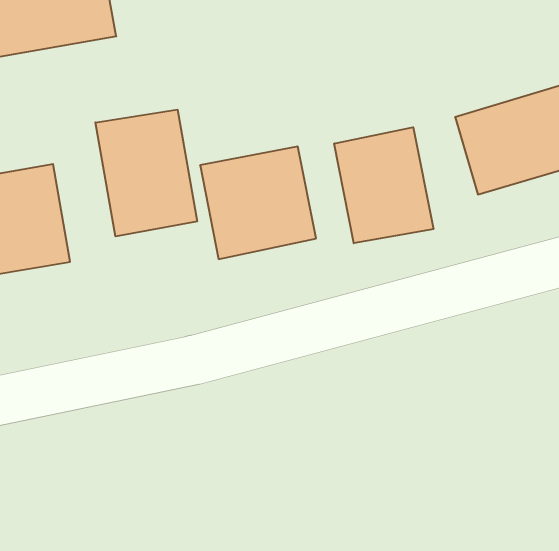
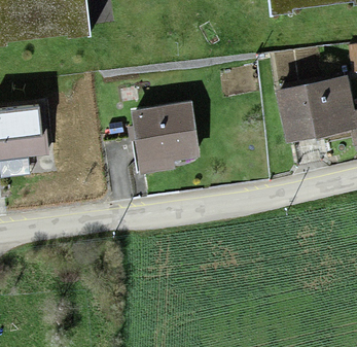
building: [95,110,197,236] -> none
building: [334,127,433,243] -> none

